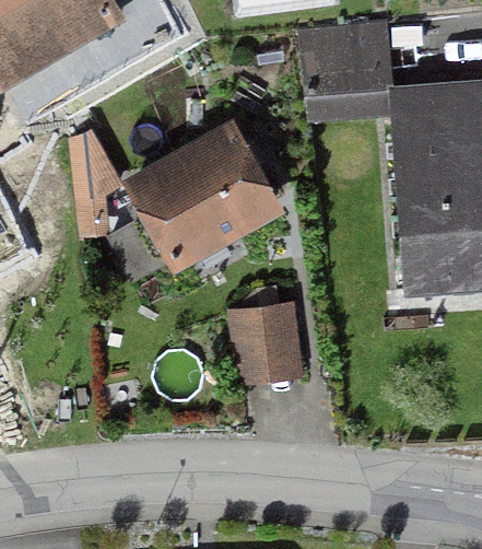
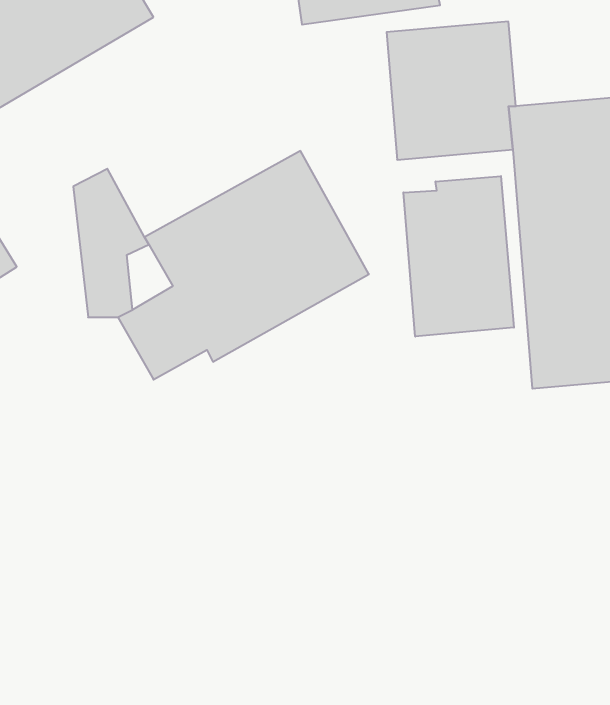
building: none -> [403,176,514,337]
building: [227,301,305,385] -> none

